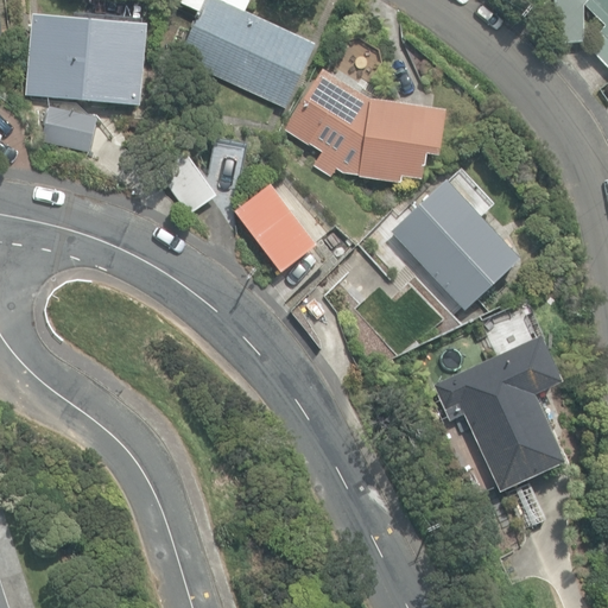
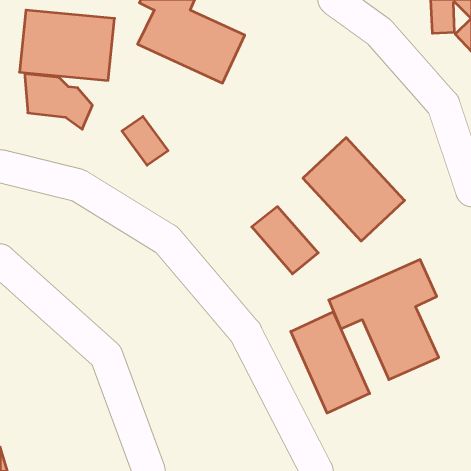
building: [286,68,446,180] -> none
building: [227,194,312,280] -> [252,207,318,274]
building: none -> [291,312,370,413]

